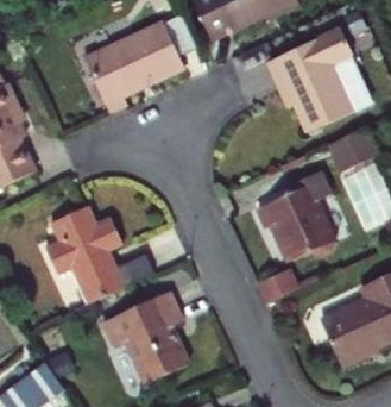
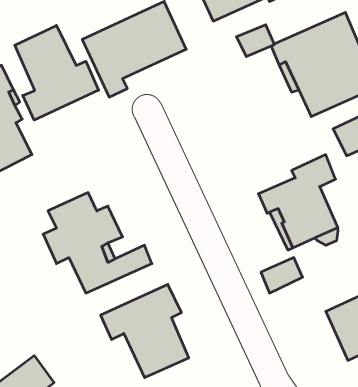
building: none -> [15,25,99,120]

